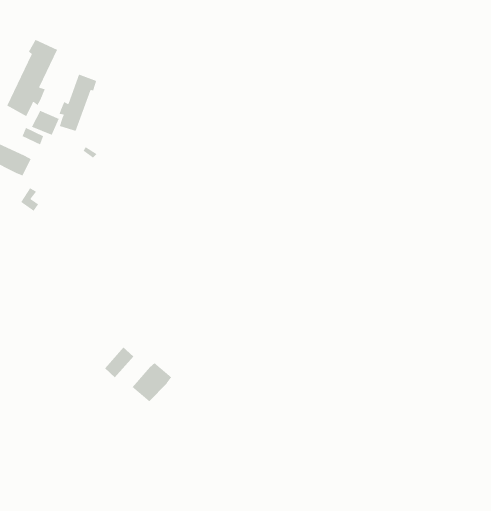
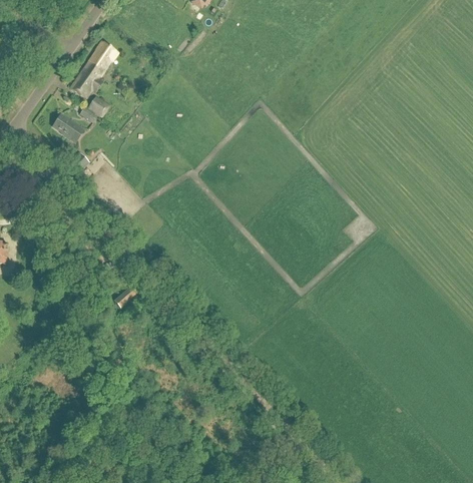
building: [59,73,97,132] -> none
building: [131,362,172,402] -> none

